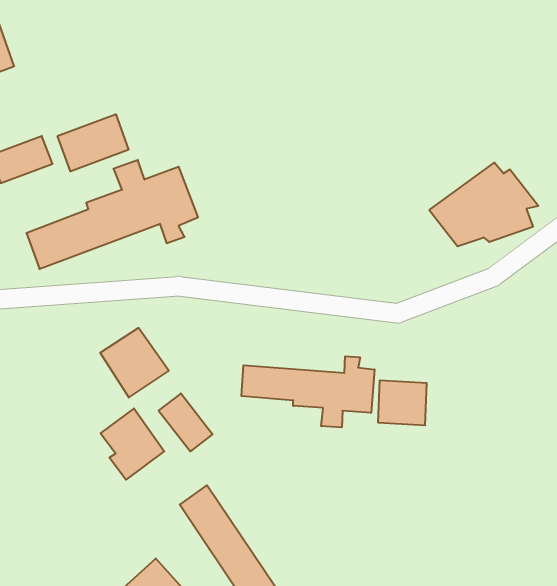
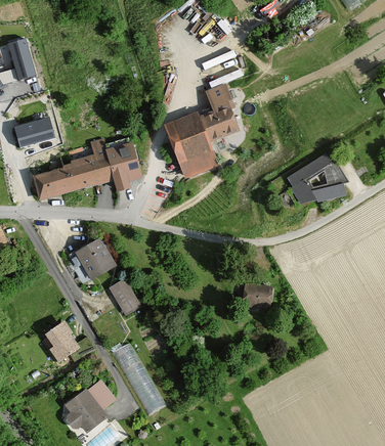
building: none -> [169,83,239,175]
building: [58,114,129,171] -> none
building: [241,356,375,427] -> none
building: [101,408,164,480] -> [41,320,79,363]

